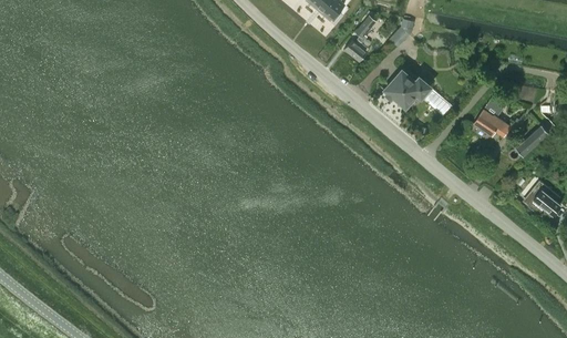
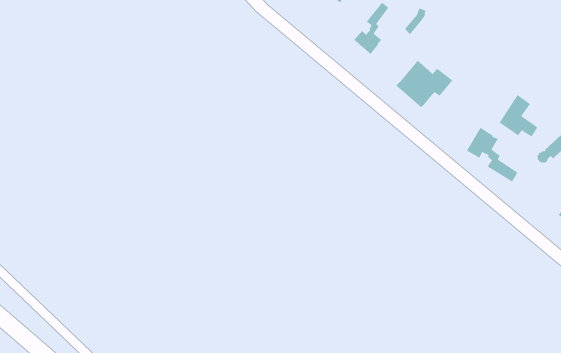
building: none -> [466,127,518,182]

